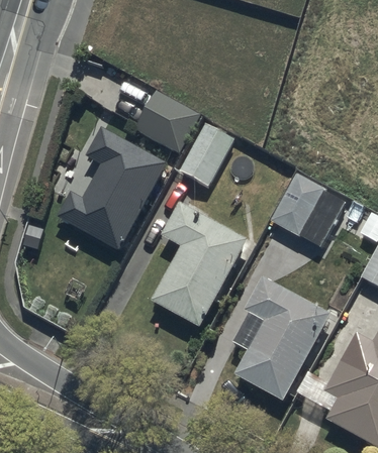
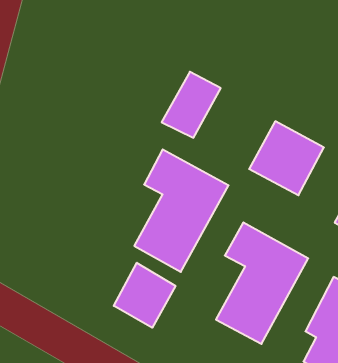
building: [133,89,199,152] -> none
building: [53,126,168,251] -> none
building: none -> [114,263,175,328]

